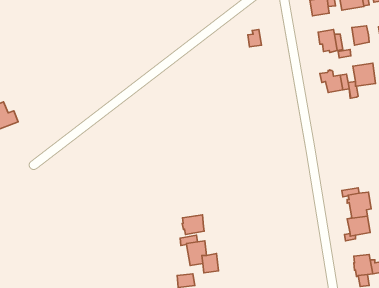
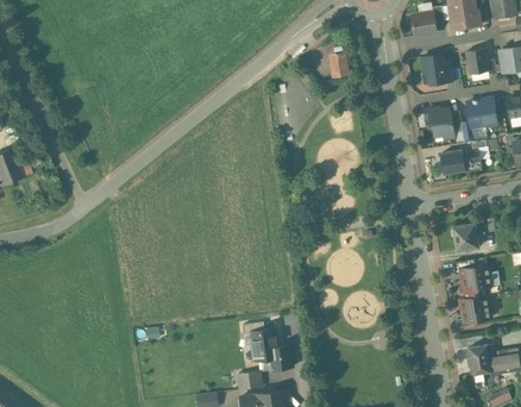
building: none -> [441,151,481,174]
building: none -> [451,224,478,251]
building: [182,215,204,235] -> none

